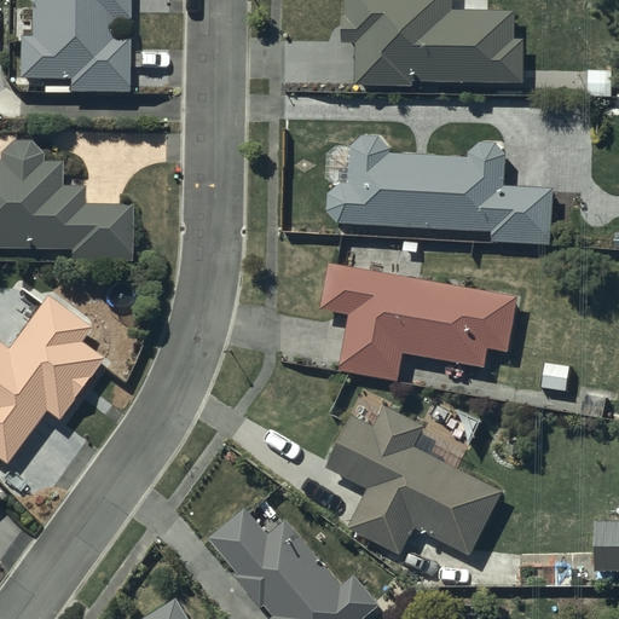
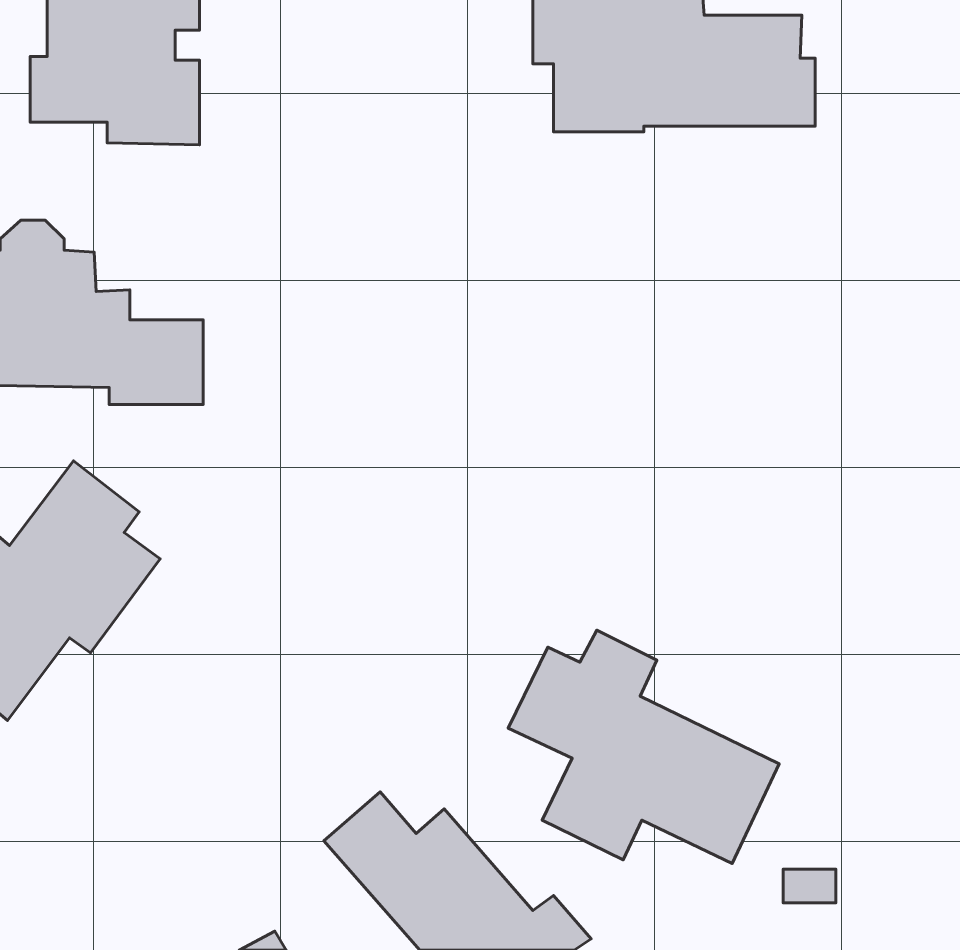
building: [328,135,553,239] -> none
building: [320,262,517,380] -> none

